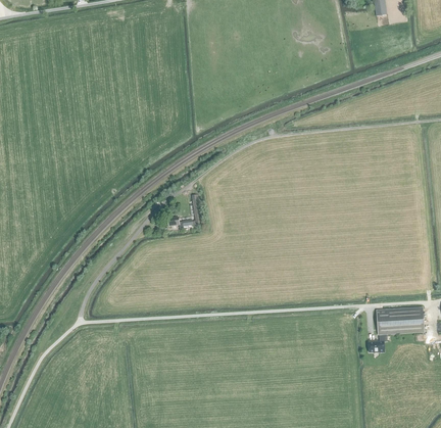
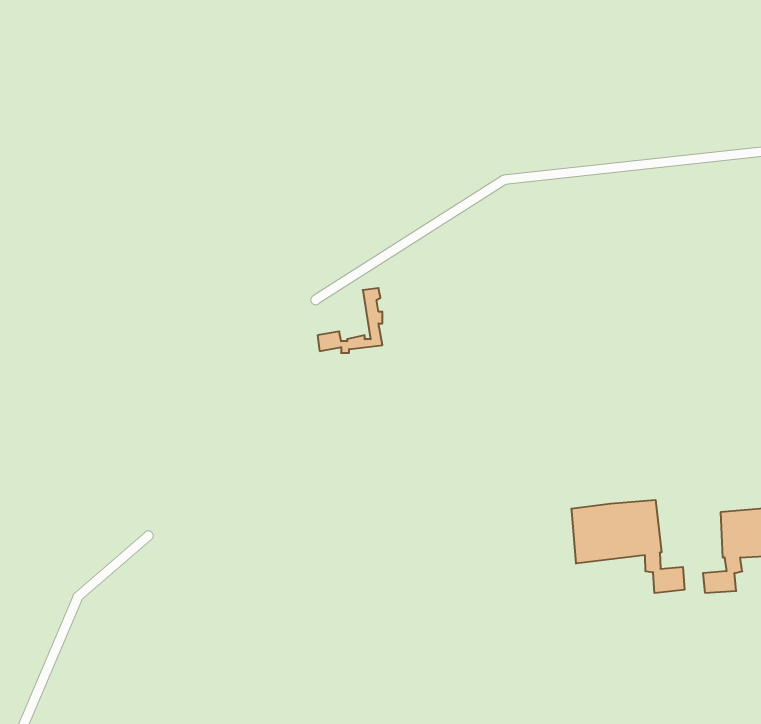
building: none -> [571,500,684,593]

